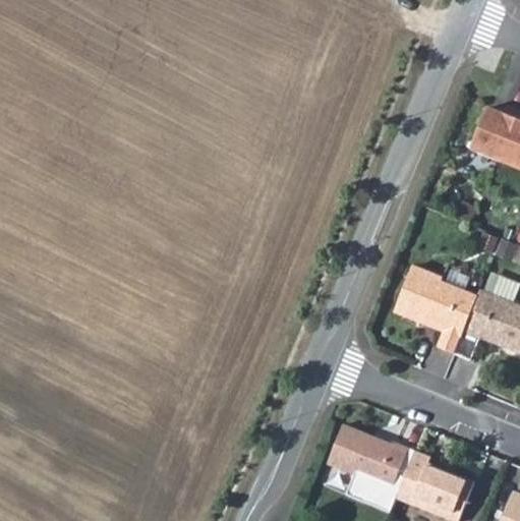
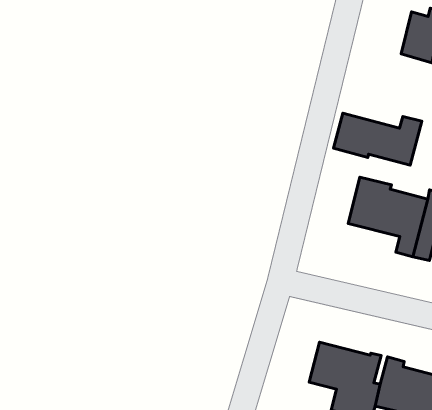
building: none -> [333,113,422,165]

